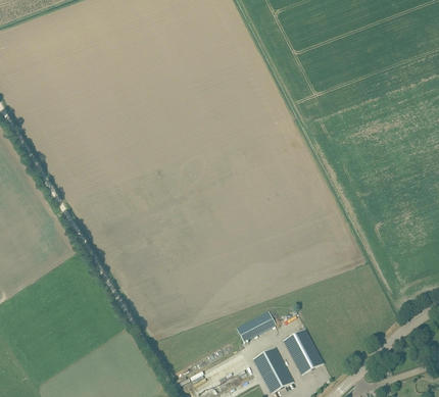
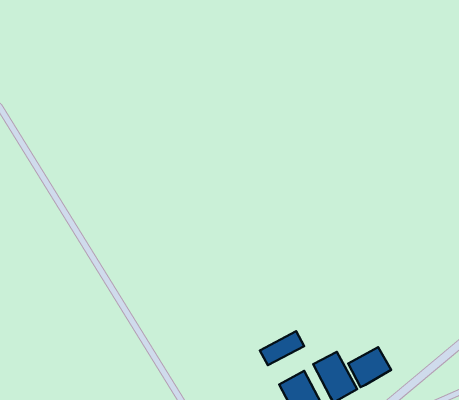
building: none -> [348,347,391,387]

